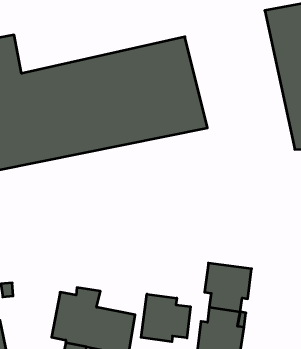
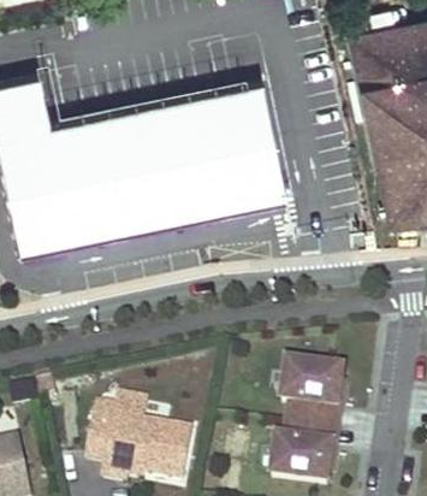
building: [141,294,190,342] -> none

